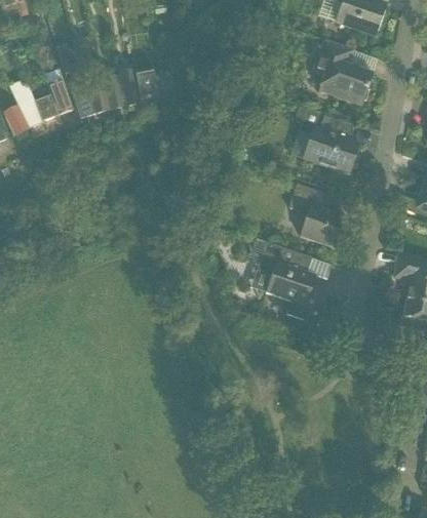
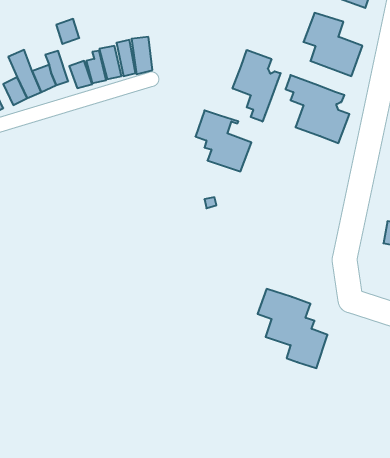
building: none -> [233,50,281,122]
building: [287,184,345,246] -> [195,110,251,171]
building: [258,242,329,323] -> [258,289,328,368]

